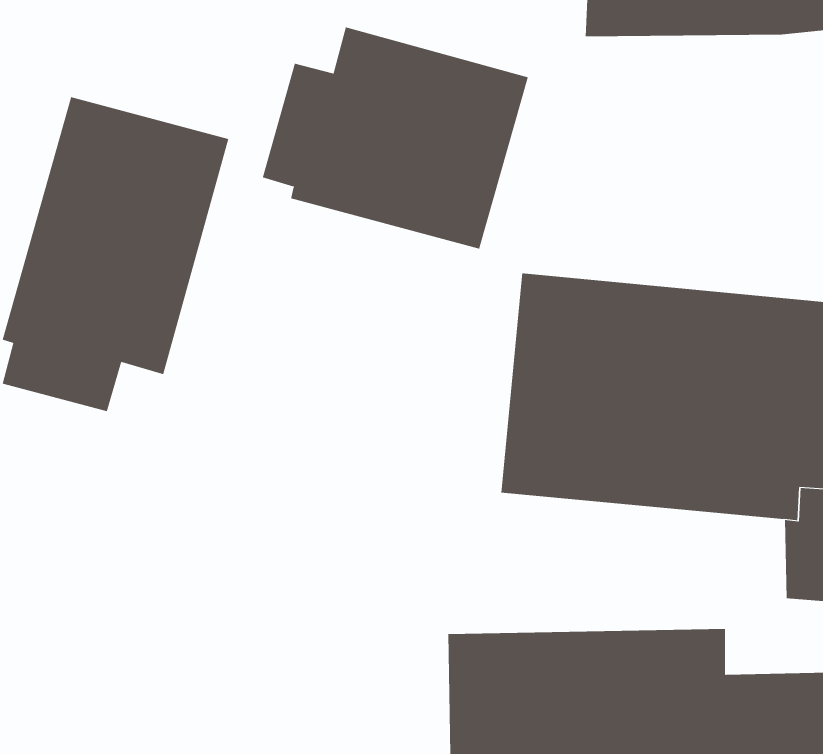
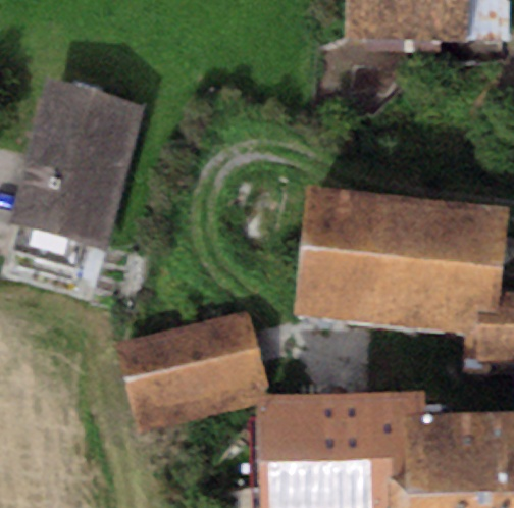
building: [262,26,528,249] -> none
building: none -> [112,314,261,427]

